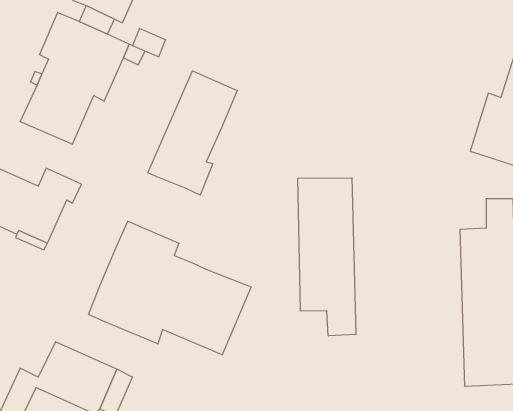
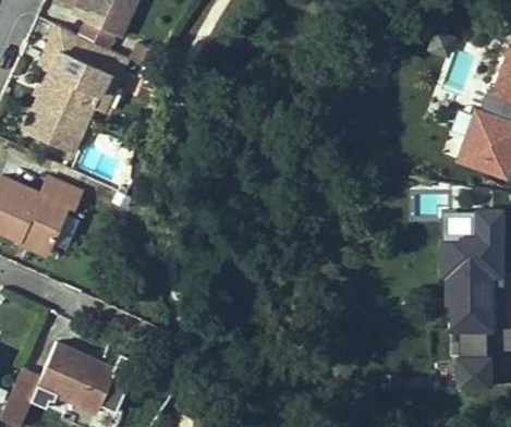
building: [148,71,237,195] -> none
building: [298,178,356,336] -> none
building: [89,221,251,355] -> none

